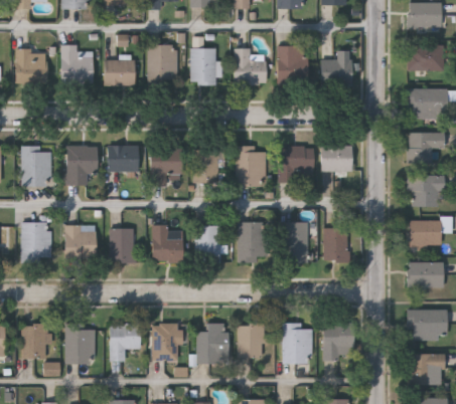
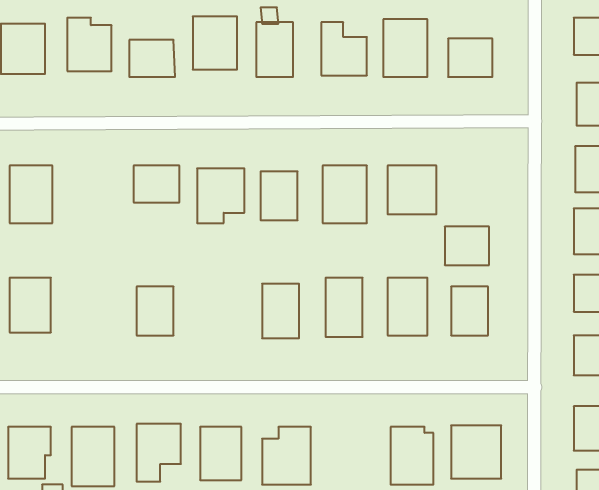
building: [66,146,97,185] -> none
building: [321,146,351,172] -> [445,227,489,265]
building: [64,224,96,258] -> none
building: [152,224,182,263] -> none
building: [238,324,268,357] -> none

